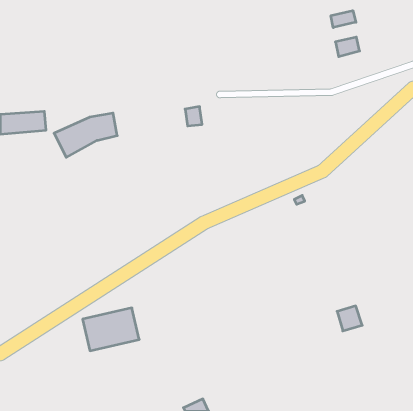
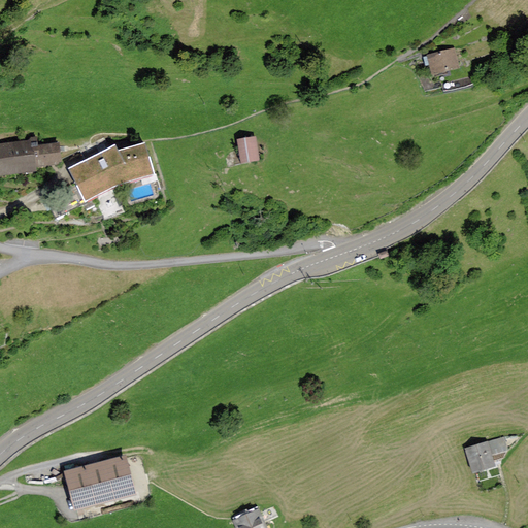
building: [331,11,356,28] -> none
building: [337,306,362,331] -> [466,439,498,471]
building: [83,308,139,351] -> [62,456,134,510]

